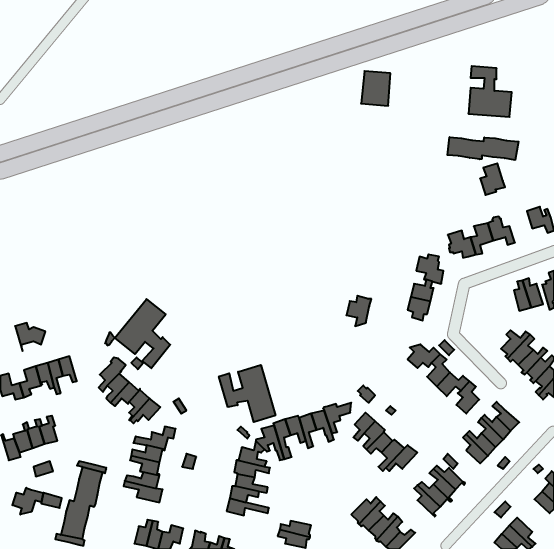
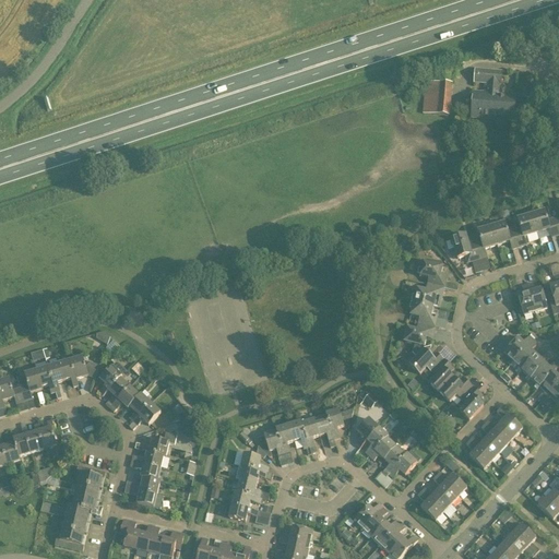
building: [361,71,390,106] -> [423,78,452,112]
building: [447,137,519,160] -> none
building: [480,163,505,195] -> [513,213,538,245]
building: [346,296,371,326] -> [404,320,429,350]
building: [115,299,170,368] -> none
building: [15,323,45,351] -> [70,356,100,384]
building: [219,365,275,422] -> none
building: [12,488,43,515] -> none
building: none -> [115,518,140,548]

